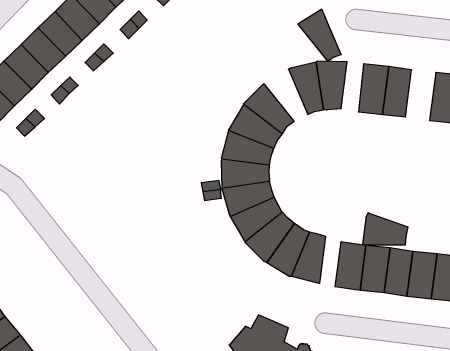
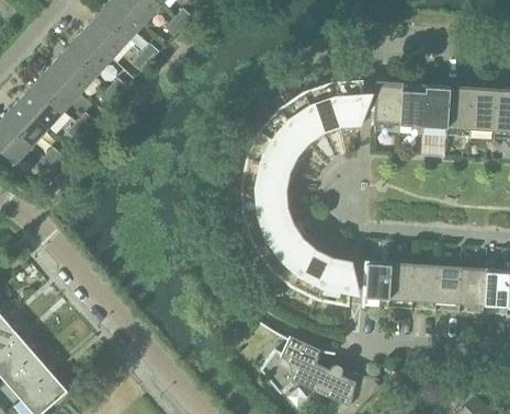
building: [298,9,341,61] -> [280,92,325,143]
building: none -> [422,85,450,135]
building: [363,213,408,245] -> none

